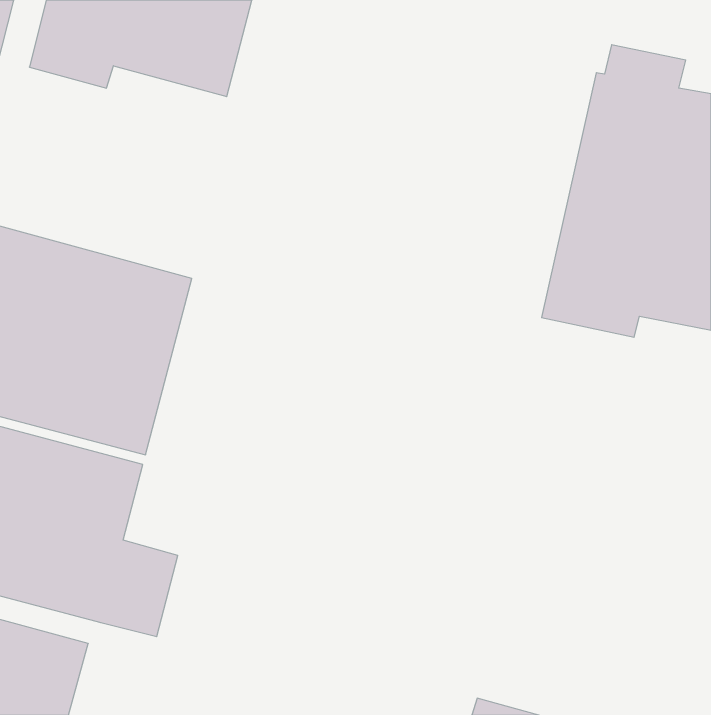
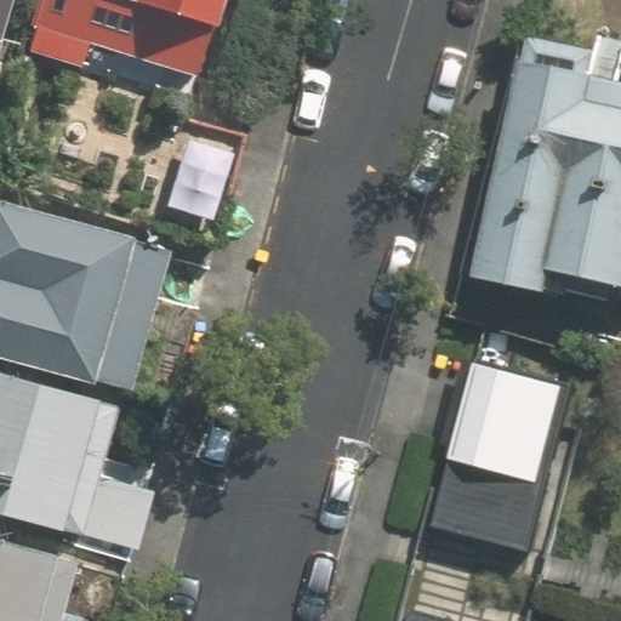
building: none -> [431,365,570,551]

